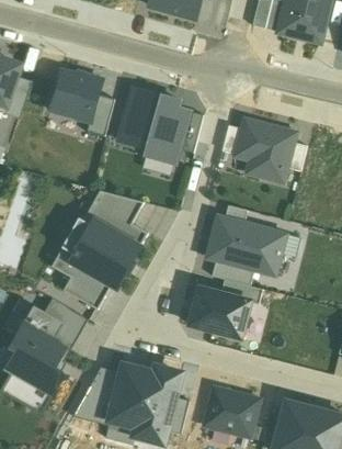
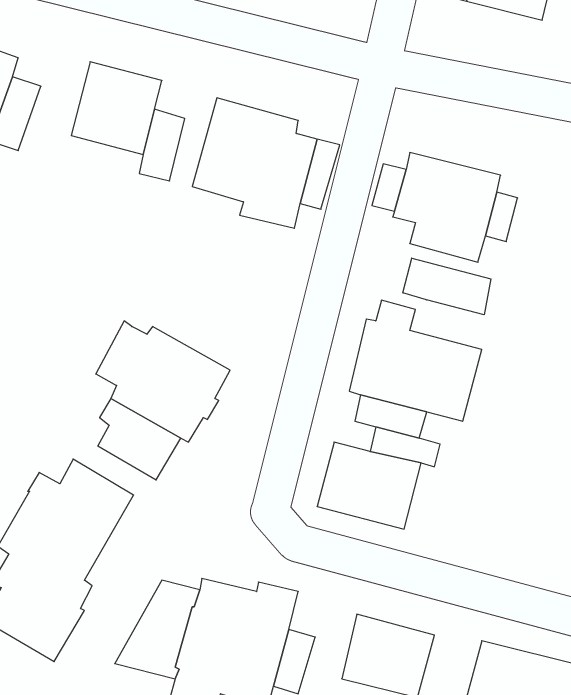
building: none -> [403,258,491,315]
building: [83,190,149,246] -> none

